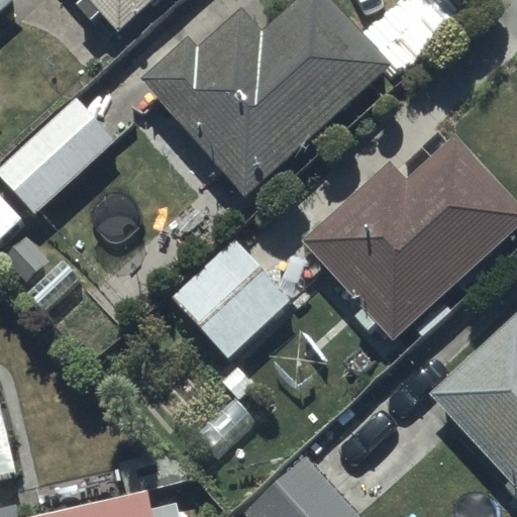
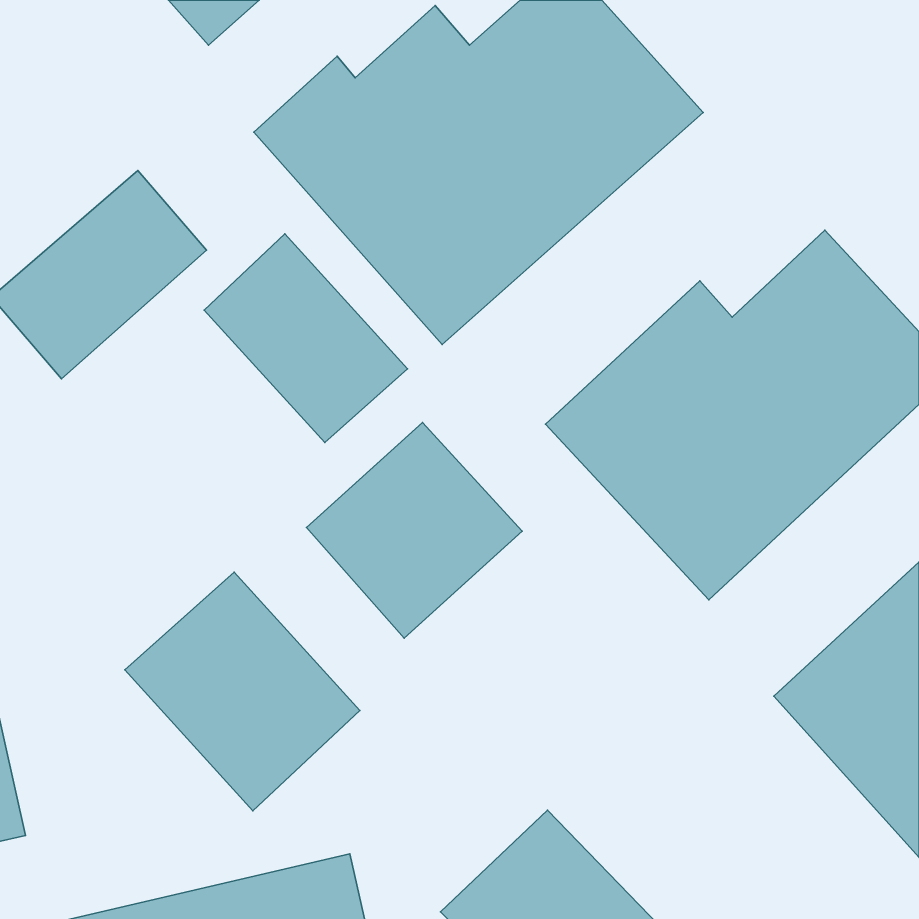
building: none -> [204,234,407,443]
building: none -> [125,572,360,811]

